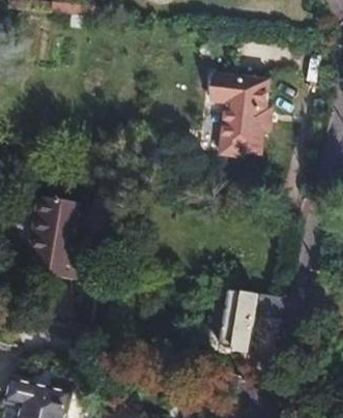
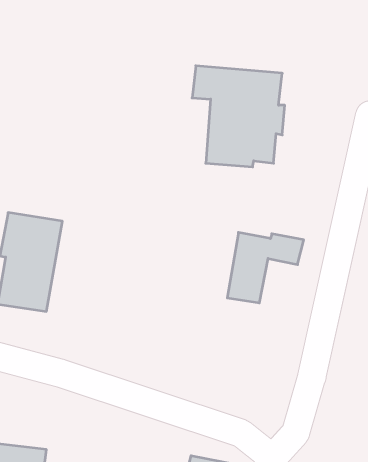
building: [221,290,285,349] -> [227,232,304,303]

